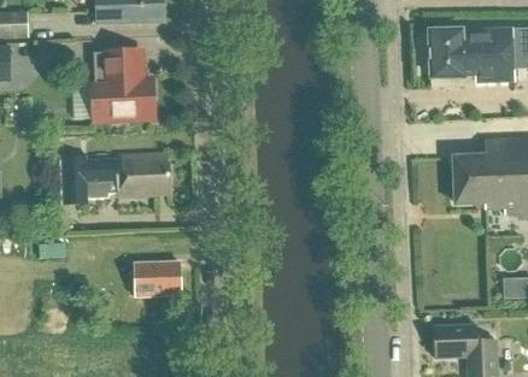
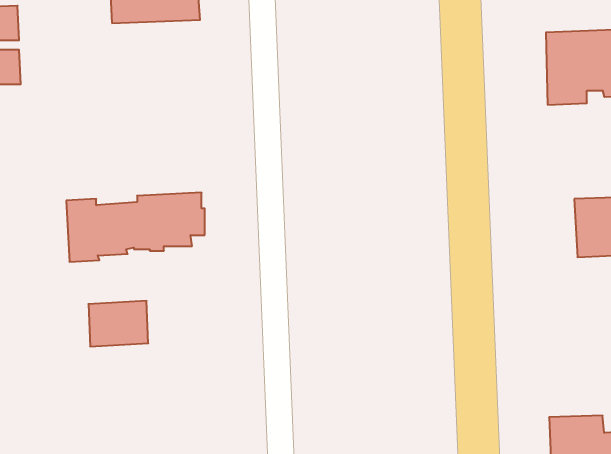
building: [93,49,154,118] -> none
building: [134,263,180,298] -> [88,301,148,346]

